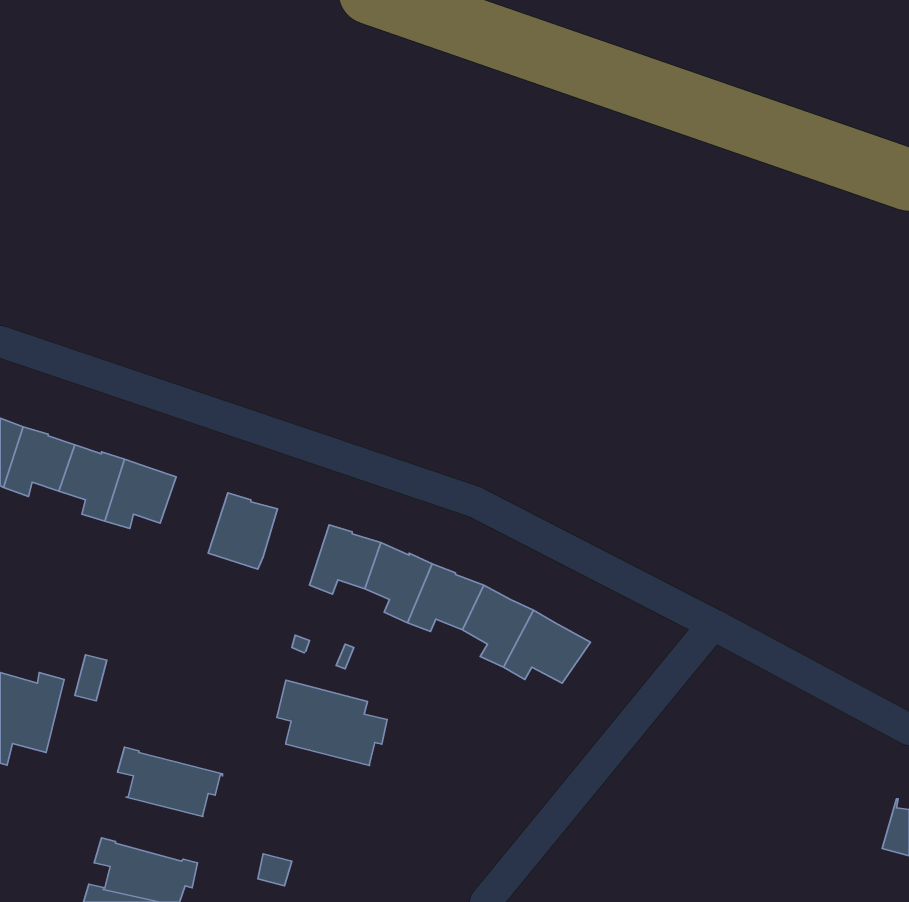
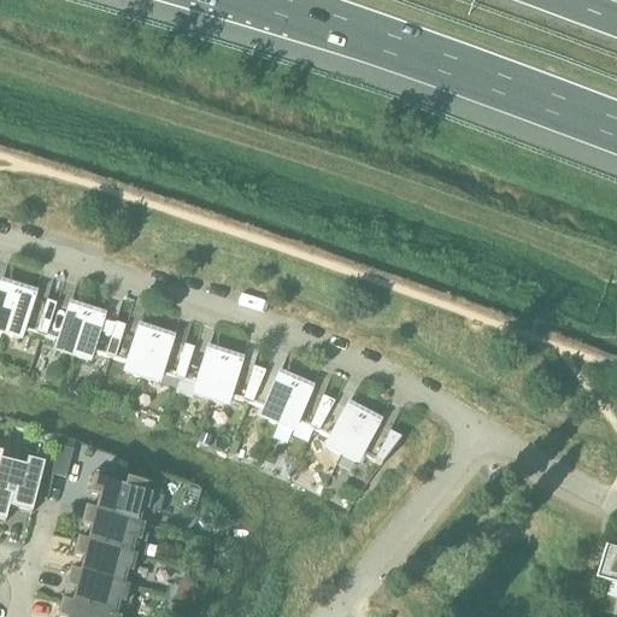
building: none -> [108,323,154,375]
building: none -> [178,345,223,396]
building: [277,680,387,766] -> [88,466,163,524]
building: none -> [72,536,137,583]

